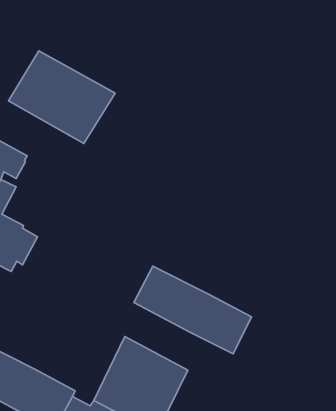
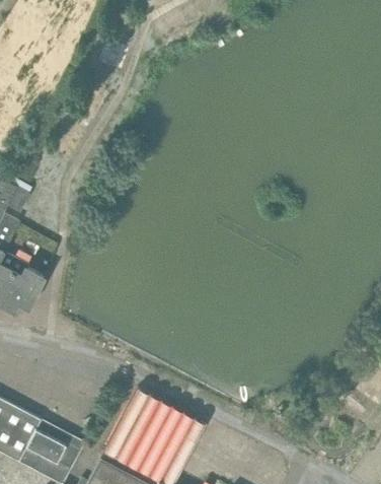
building: [8,51,115,143] -> none
building: [134,266,252,354] -> none

